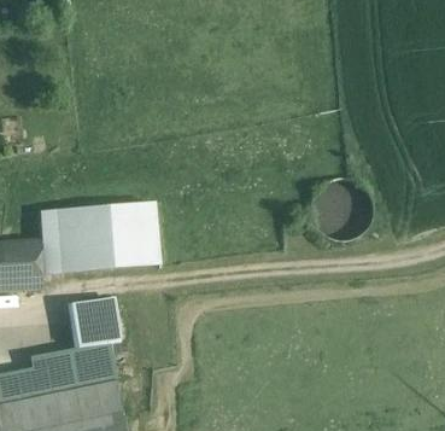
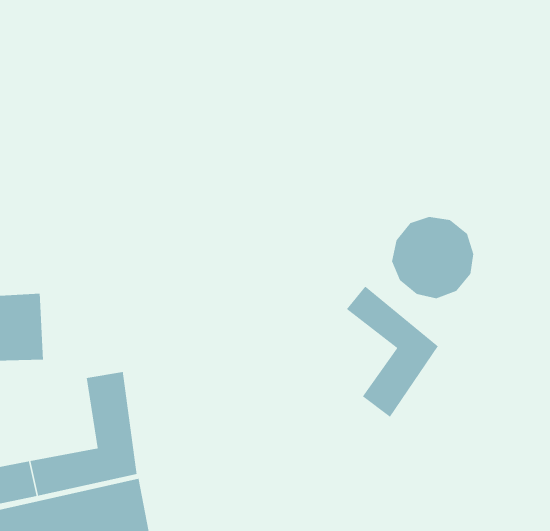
building: [40,203,158,272] -> none
building: none -> [346,286,439,418]

